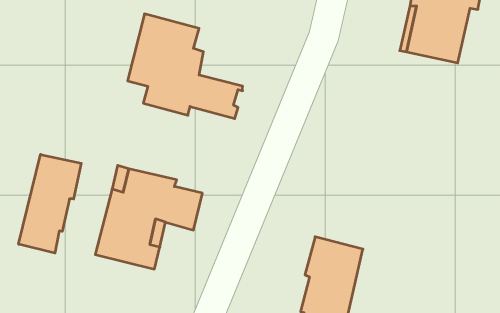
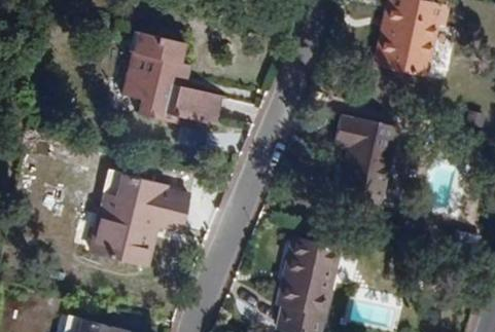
building: none -> [334,117,397,206]
building: [19,154,81,253] -> none

